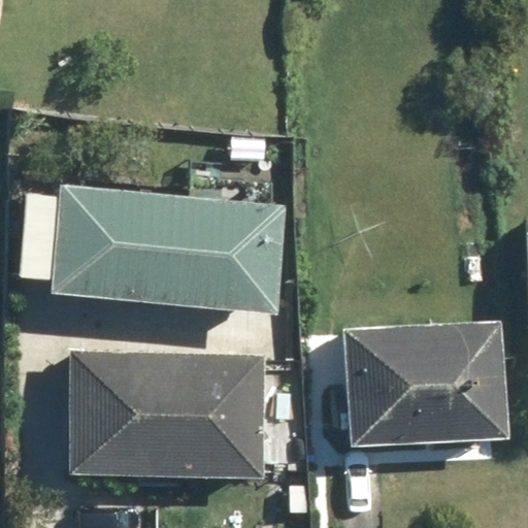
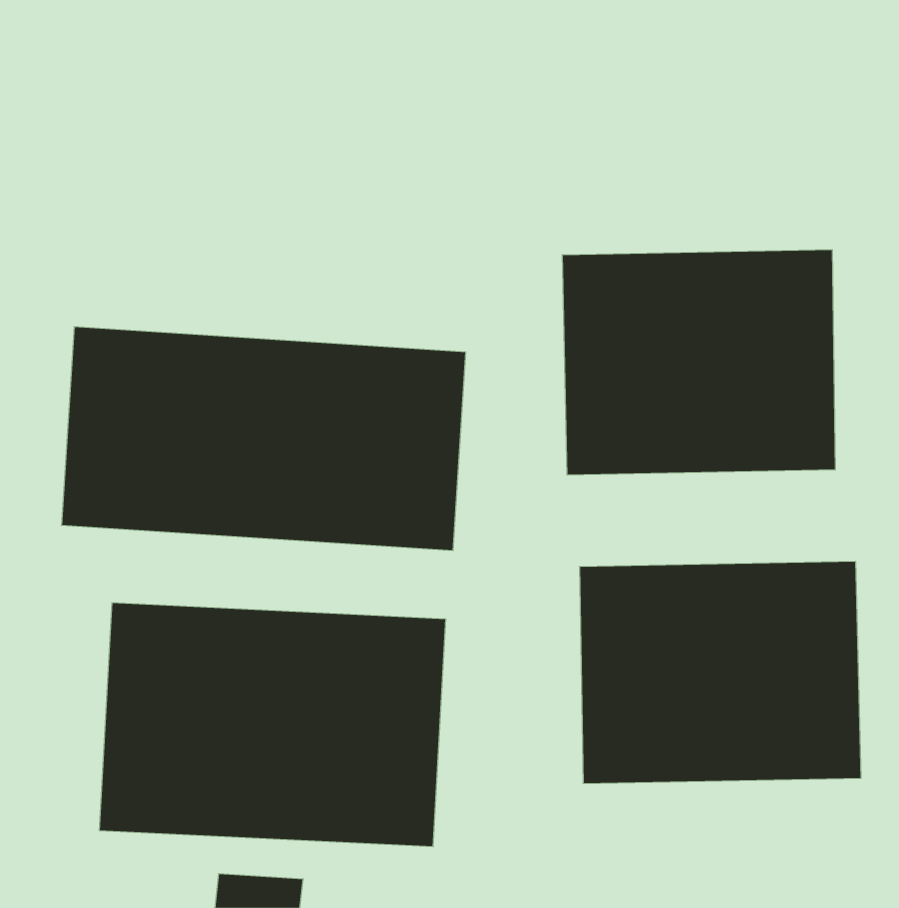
building: none -> [562,250,835,475]

